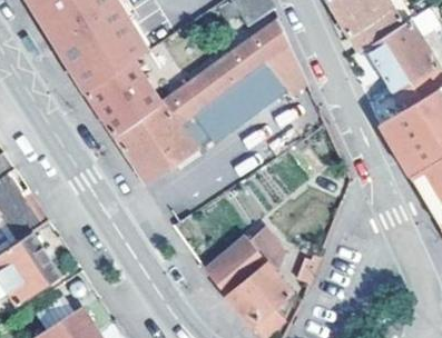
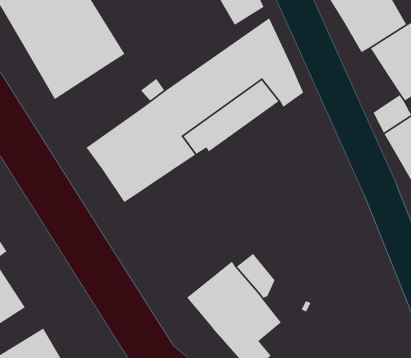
building: [85,61,161,135] -> none

